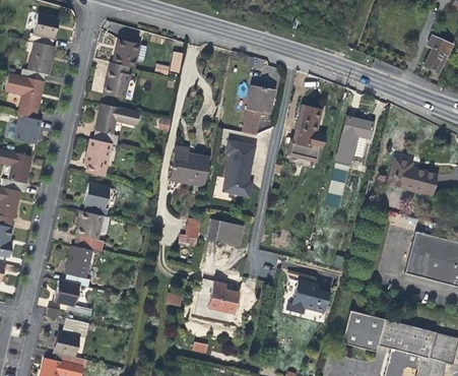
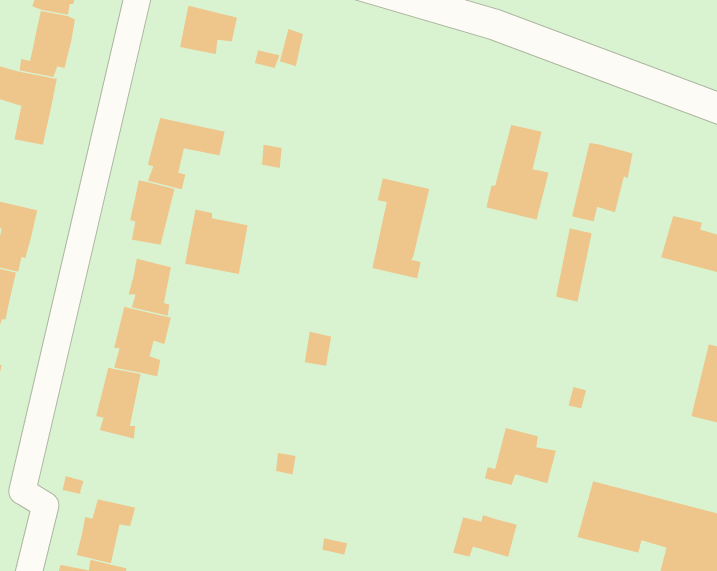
building: [103,62,129,98] -> none
building: [243,86,272,134] -> none
building: [15,116,40,143] -> none
building: [170,147,206,185] -> [184,209,248,275]
building: [207,217,244,245] -> none
building: [53,279,91,315] -> none
building: [209,287,239,314] -> none
building: none -> [452,514,518,558]

